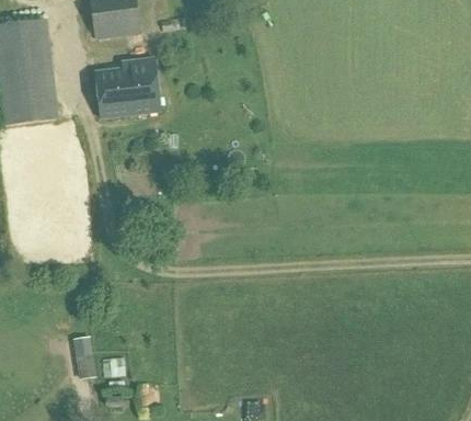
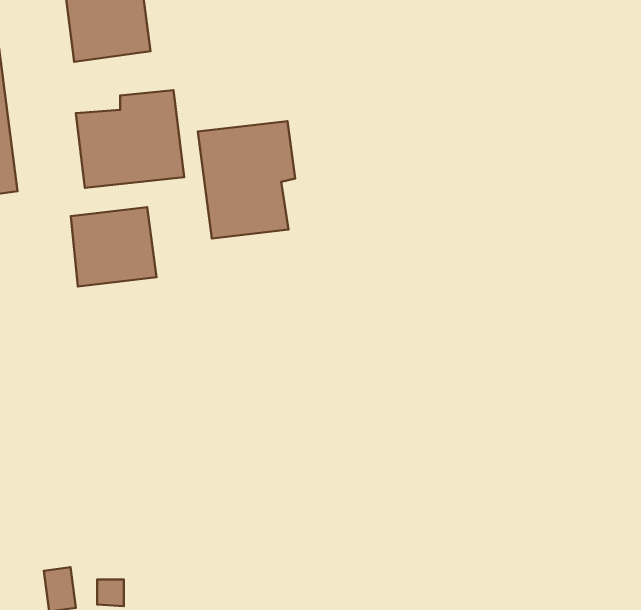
building: none -> [198,121,295,239]
building: none -> [71,207,156,287]

